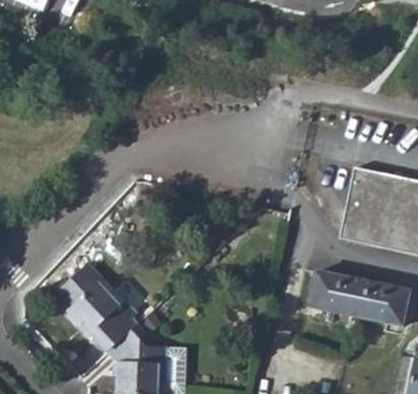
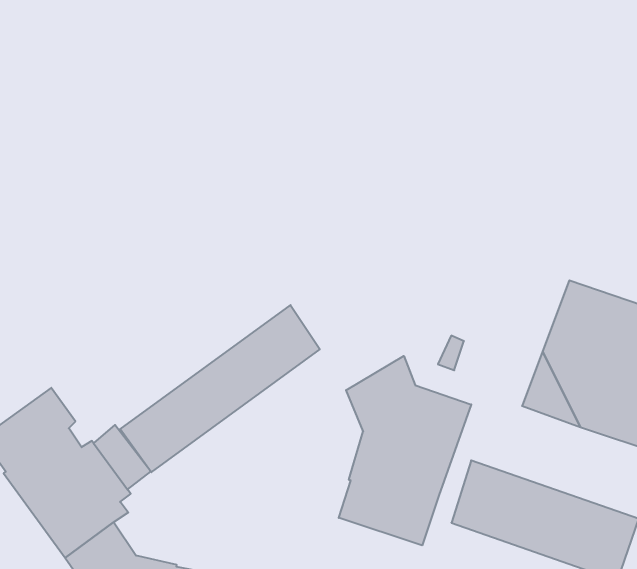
building: none -> [120,305,320,472]
building: none -> [339,356,471,545]

